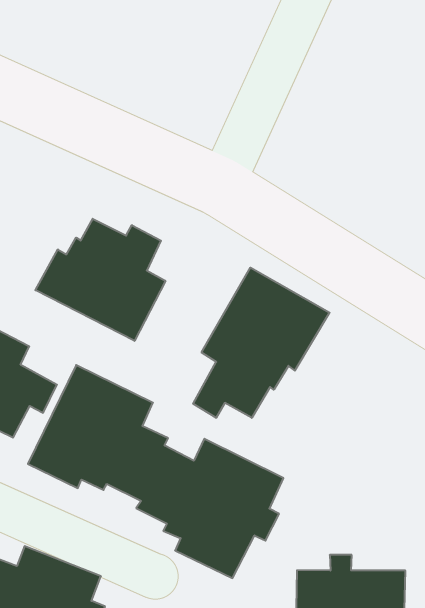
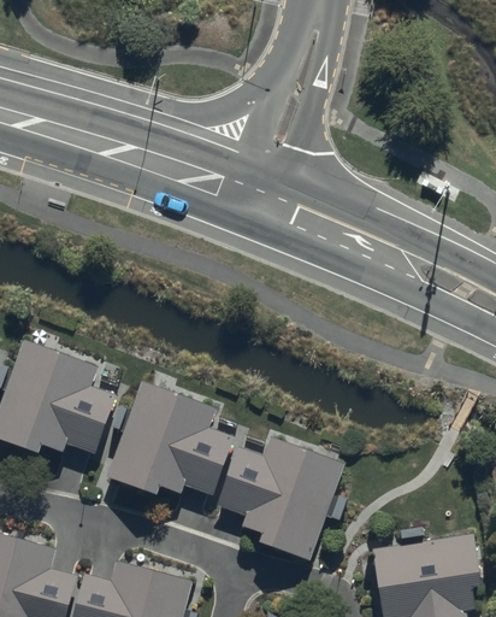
building: [35,219,165,341] -> none
building: [193,268,330,418] -> none

